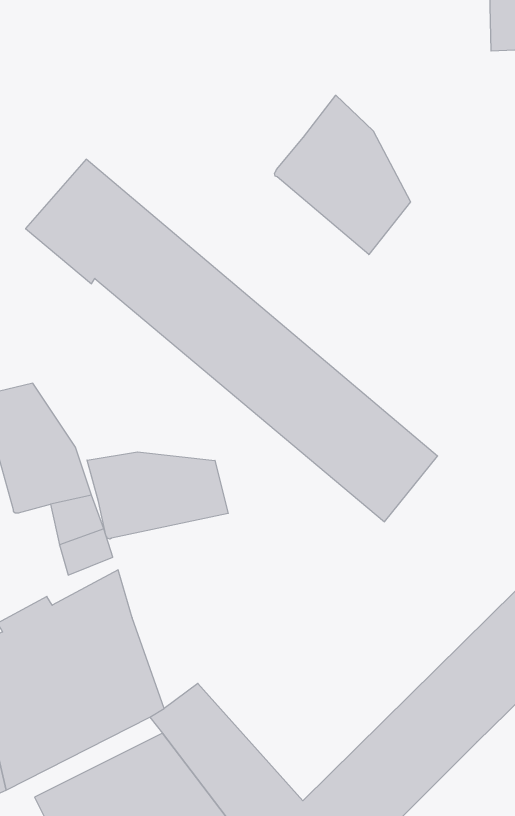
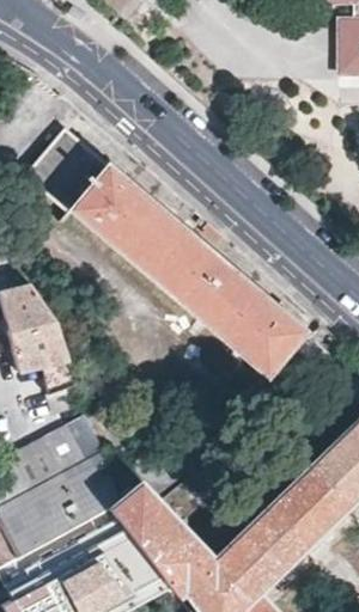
building: [275,95,411,255] -> none
building: [87,452,228,539] -> none

